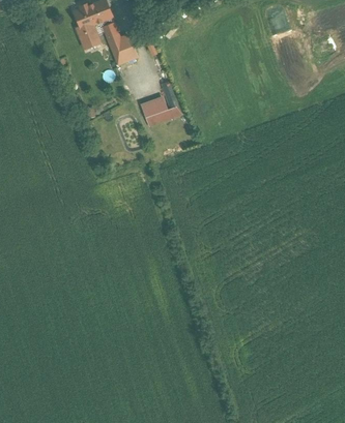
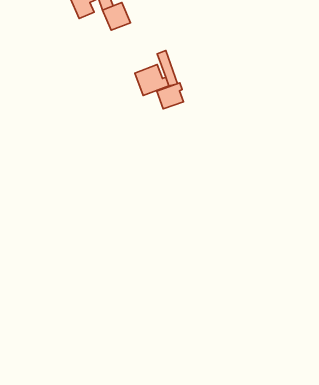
building: none -> [157,83,183,109]

